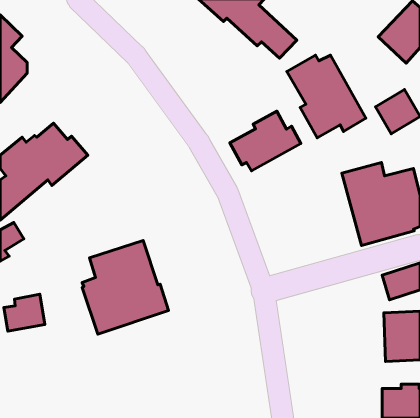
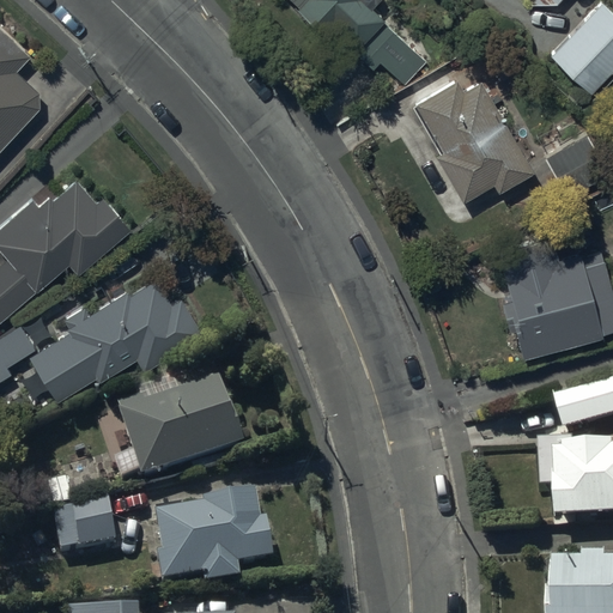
building: [230,111,301,171] -> none
building: none -> [31,275,205,400]
building: [4,294,45,331] -> [57,502,117,556]
building: none -> [159,502,274,594]

